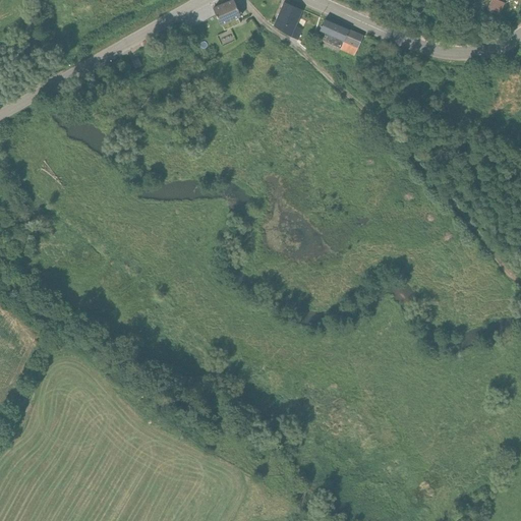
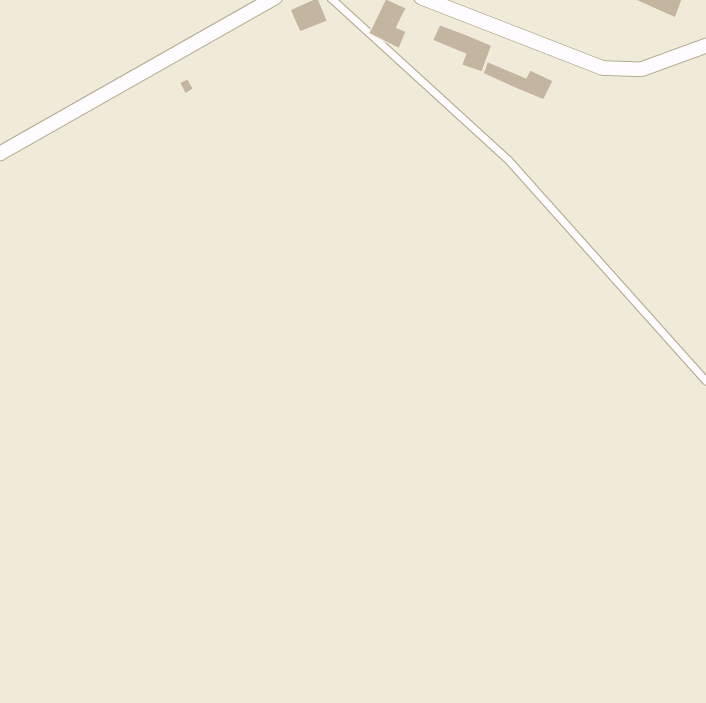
building: none -> [483,62,553,100]

